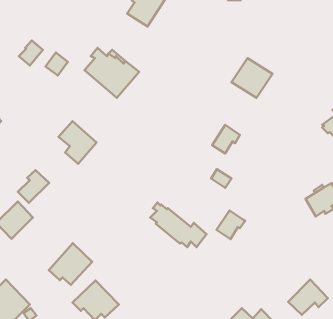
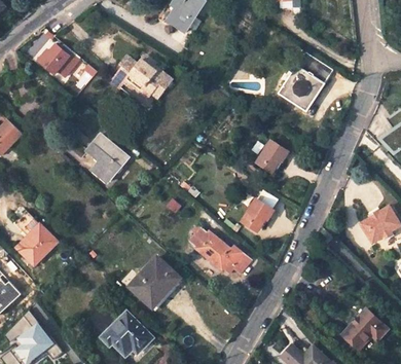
building: [18,170,49,203] -> none
building: [217,211,245,239] -> [242,199,274,231]
building: [49,243,92,285] -> [130,258,178,304]

